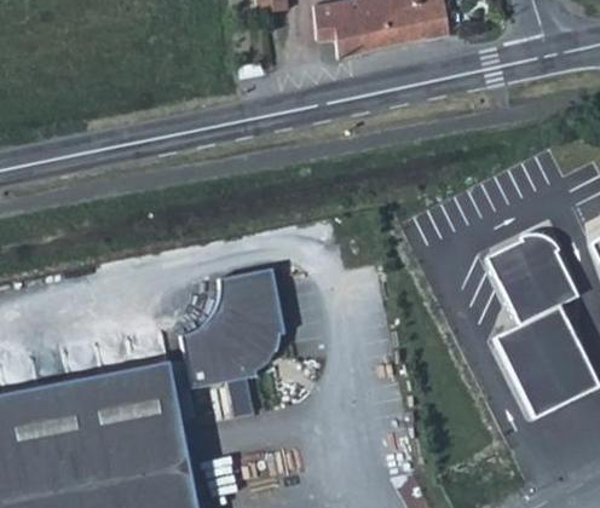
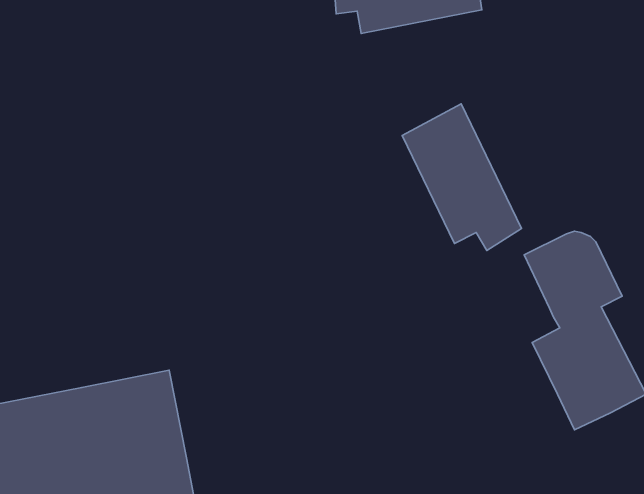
building: none -> [402,104,521,250]
building: [178,270,282,392] -> none

